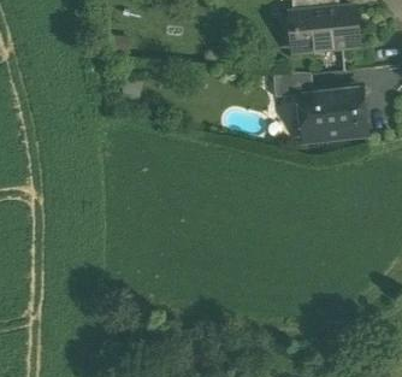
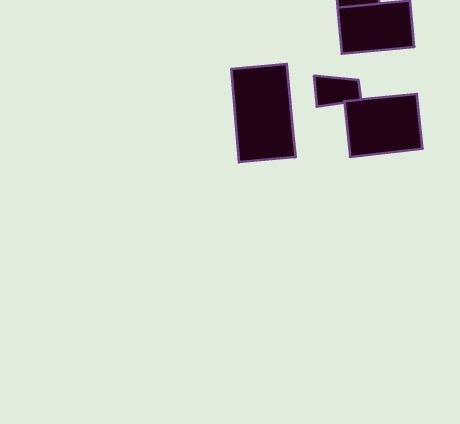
building: none -> [232,64,296,162]

